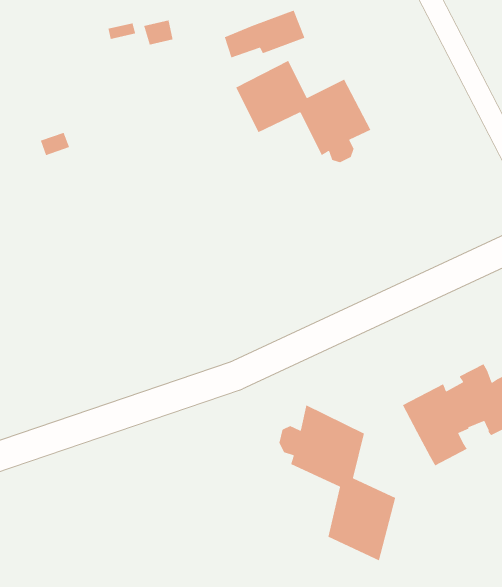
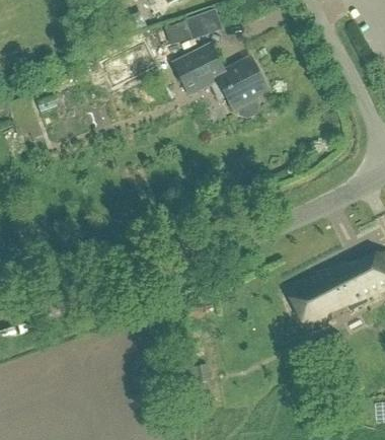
building: [279,404,396,562] -> none

